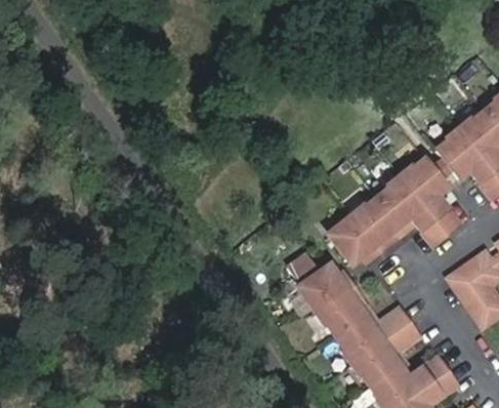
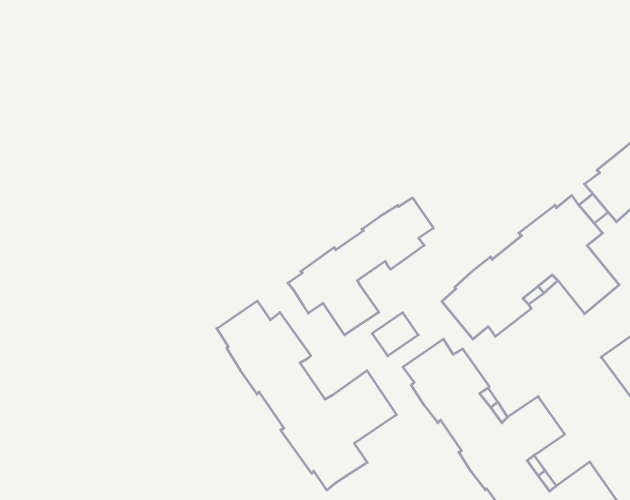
building: none -> [288,198,433,335]
building: none -> [217,301,396,490]

